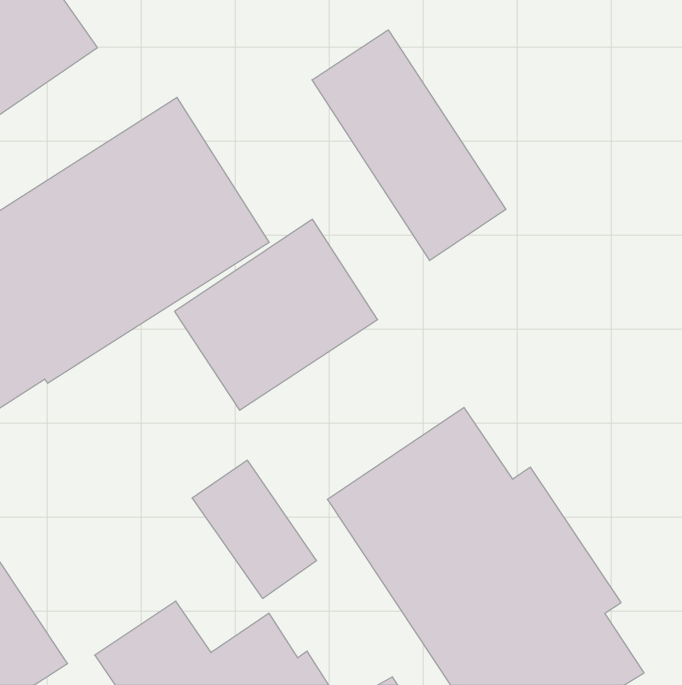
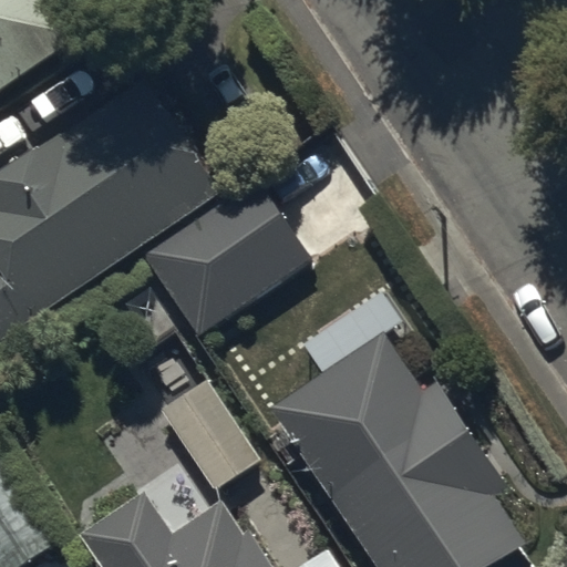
building: [312,30,506,261] -> none

